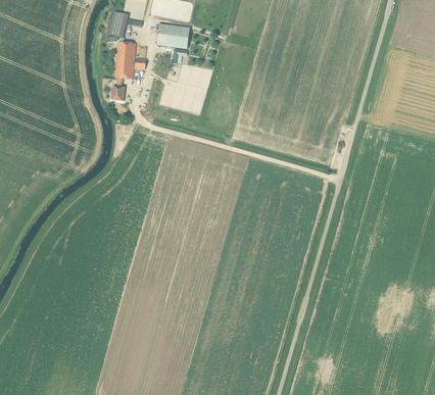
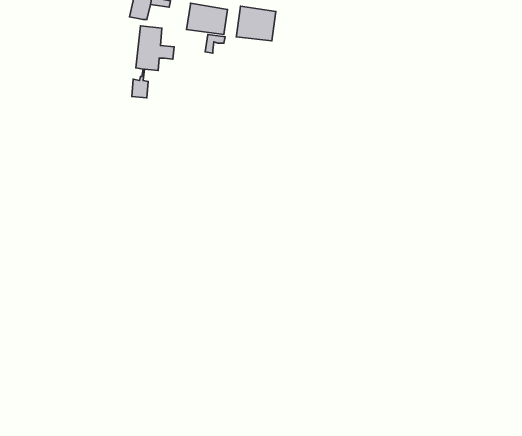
building: none -> [236,6,276,41]

